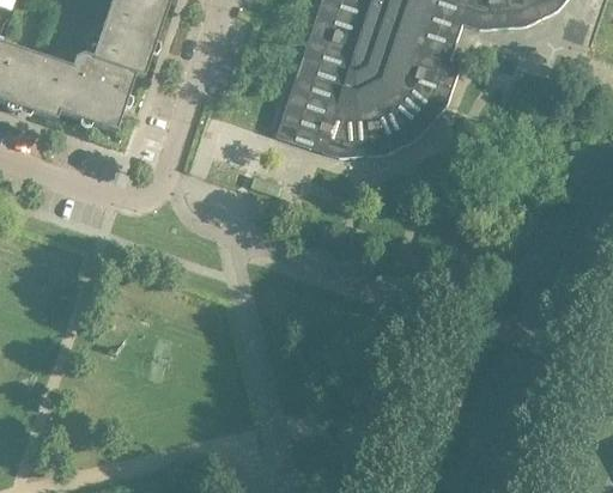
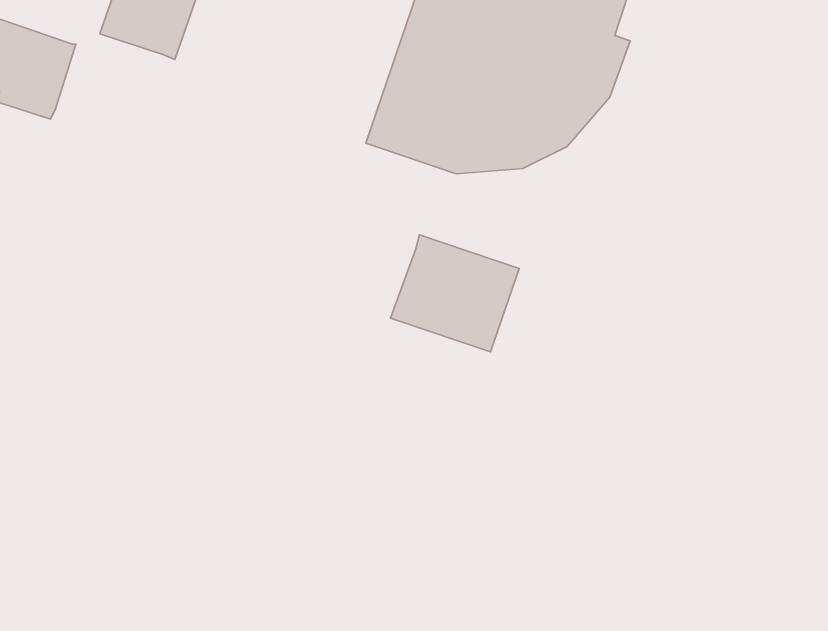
building: [59,50,134,128] -> none
building: none -> [391,235,519,352]

